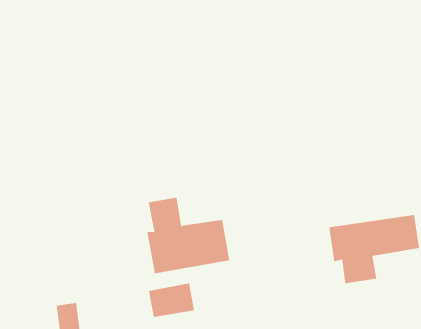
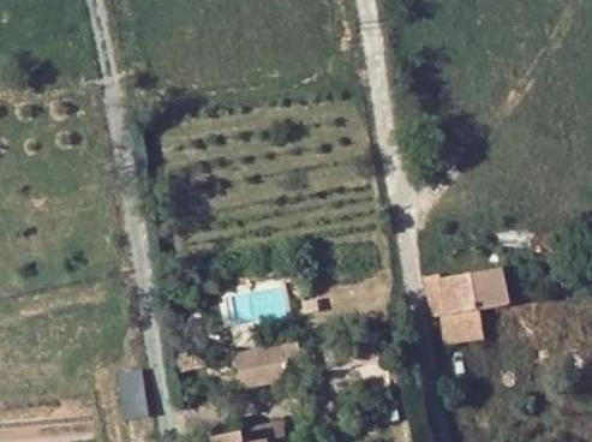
building: [147,197,230,274] -> none

